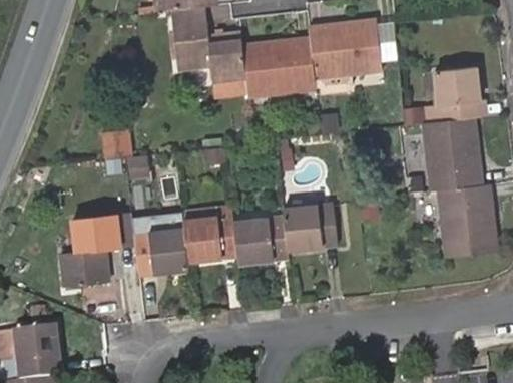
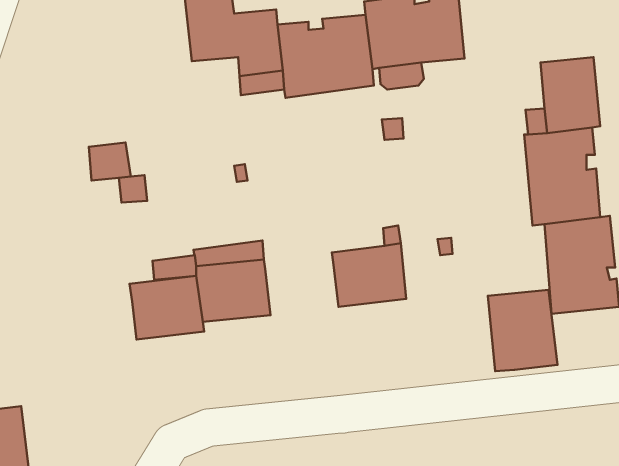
building: [62,209,135,289] -> none
building: [233,219,288,264] -> none
building: none -> [488,290,557,371]

